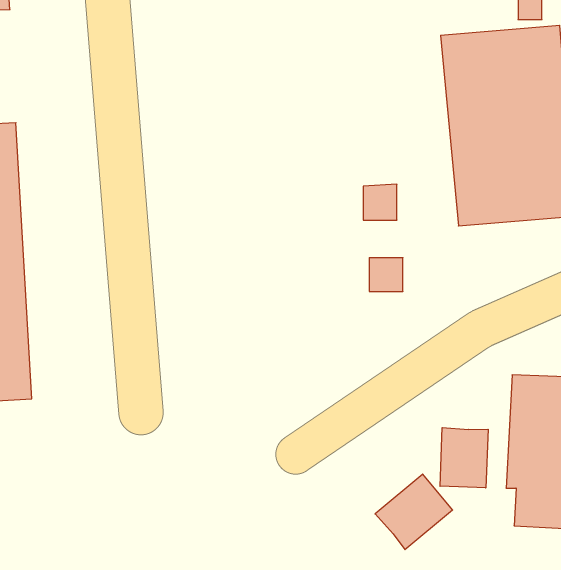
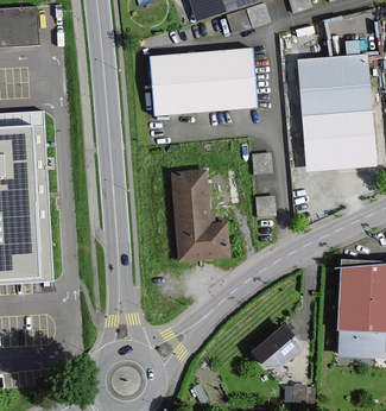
building: none -> [150,48,255,114]
building: none -> [172,169,229,259]
building: [440,428,488,488] -> none

